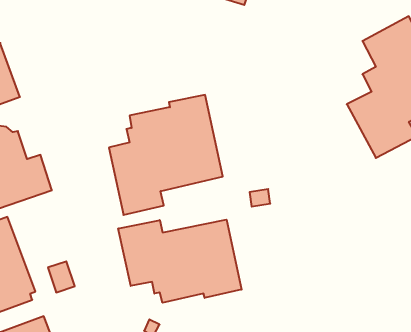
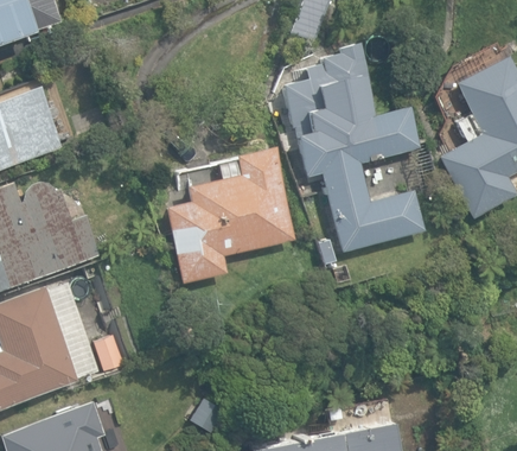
building: none -> [287,53,422,247]
building: [118,220,242,303] -> none

